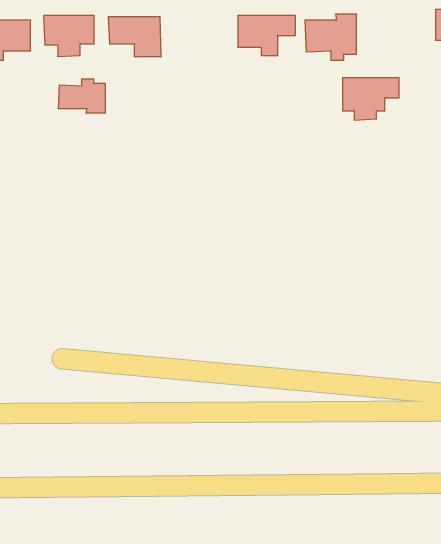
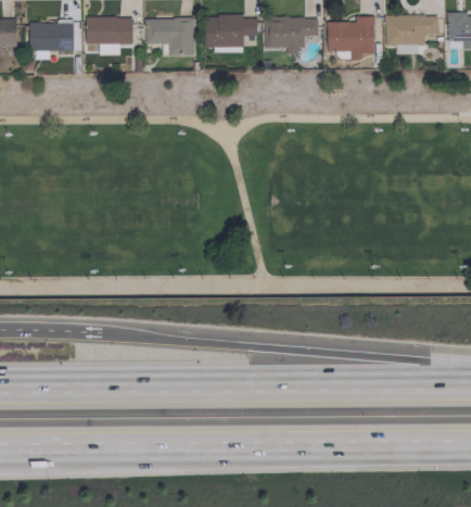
building: none -> [209,15,257,47]
building: [343,78,399,120] -> [385,15,437,54]
building: [58,79,105,113] -> none

